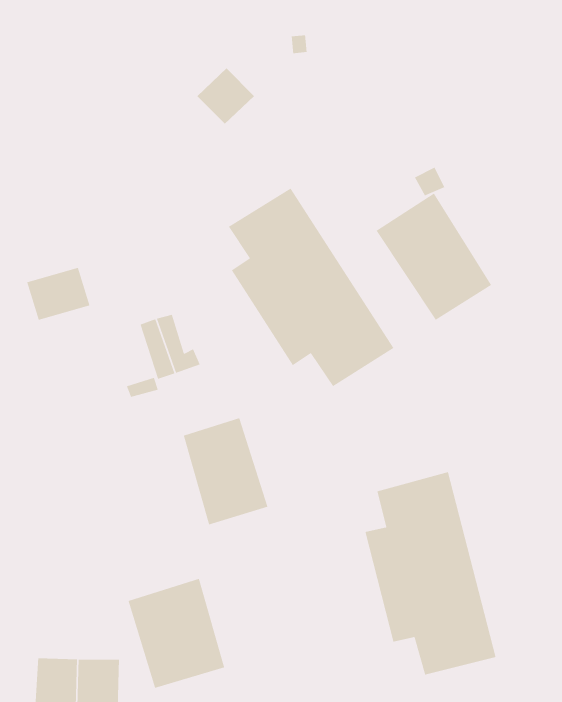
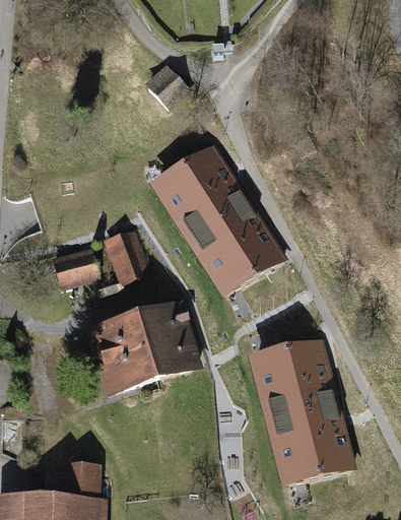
building: [375,192,492,321] -> none
building: [26,267,91,321] -> [54,250,97,286]
building: [128,578,225,689] -> [89,317,155,392]

